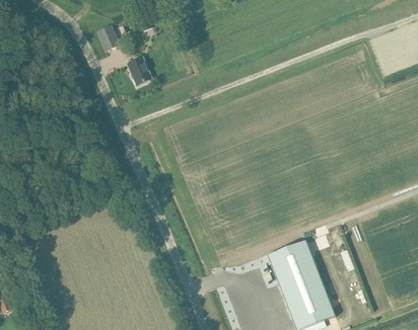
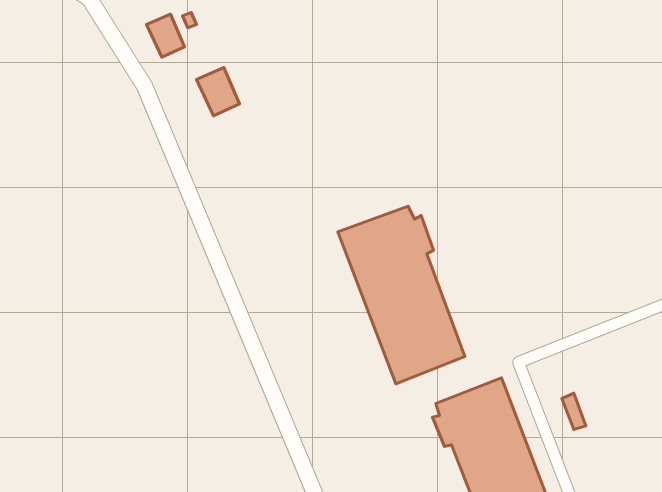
building: none -> [338,206,465,384]

